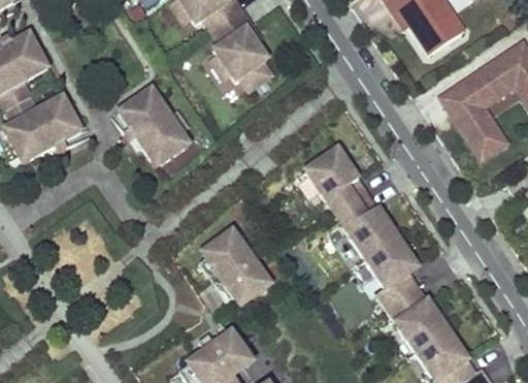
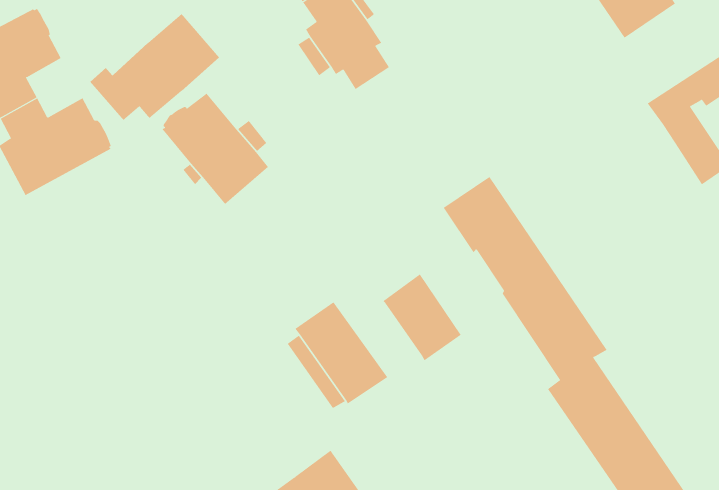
building: none -> [89,13,220,121]
building: none -> [382,274,461,361]

